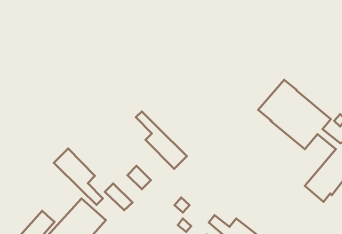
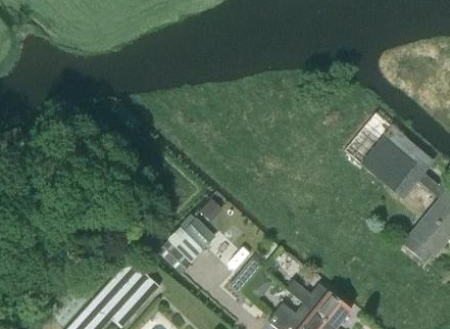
building: [136,112,187,169] -> none
building: [54,149,103,205] -> none

